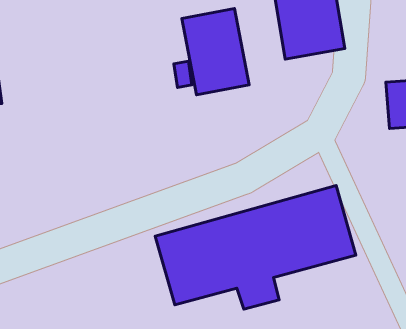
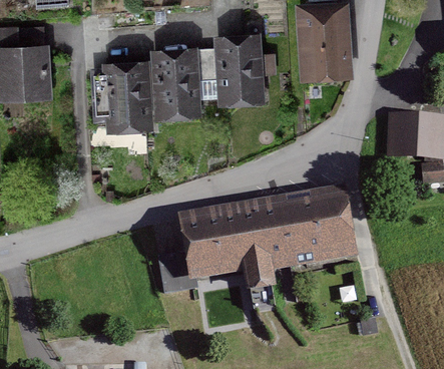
building: none -> [156,47,199,119]
building: none -> [107,61,153,132]

